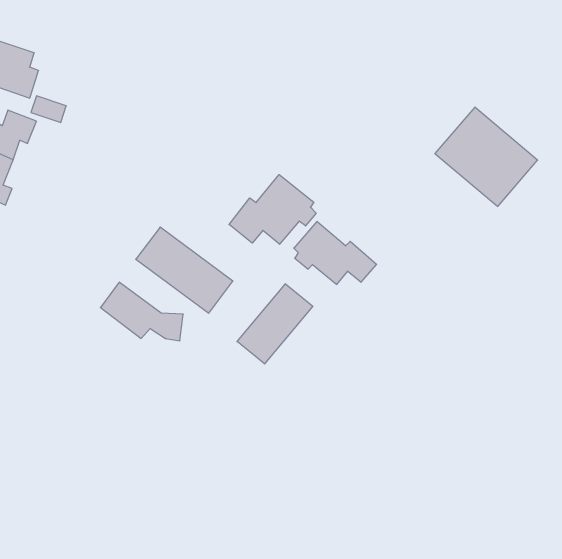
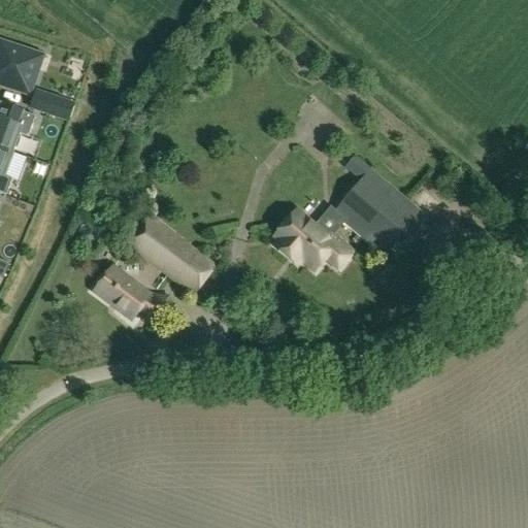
building: [435,107,538,206] -> [332,167,428,260]
building: [229,175,316,244] -> none
building: [237,284,313,364] -> none

